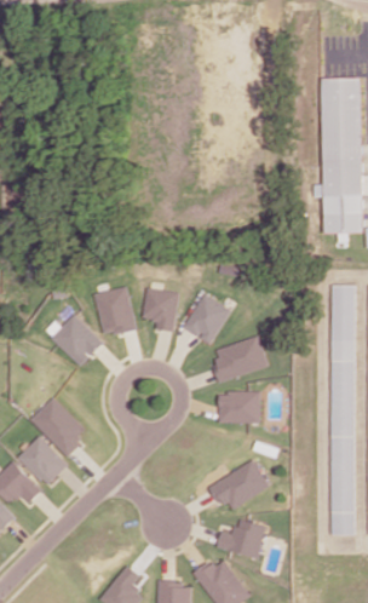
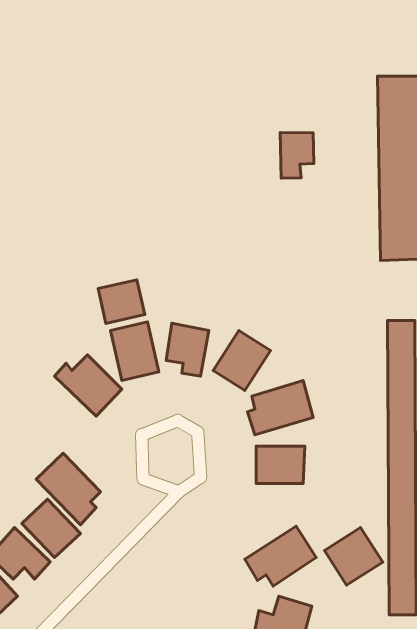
building: none -> [280,133,314,178]
building: none -> [98,280,145,323]
building: none -> [324,528,383,585]

